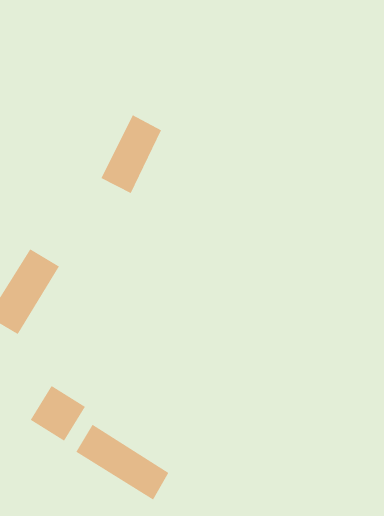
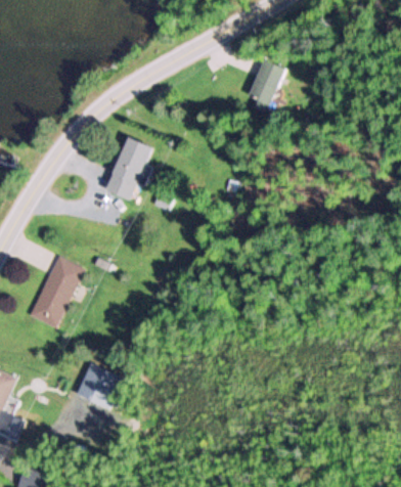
building: none -> [250,60,284,113]
building: [75,424,169,500] -> none

